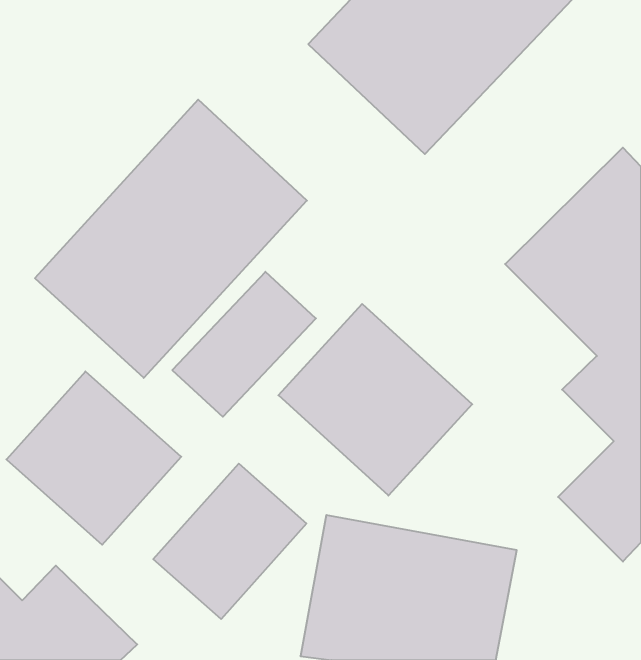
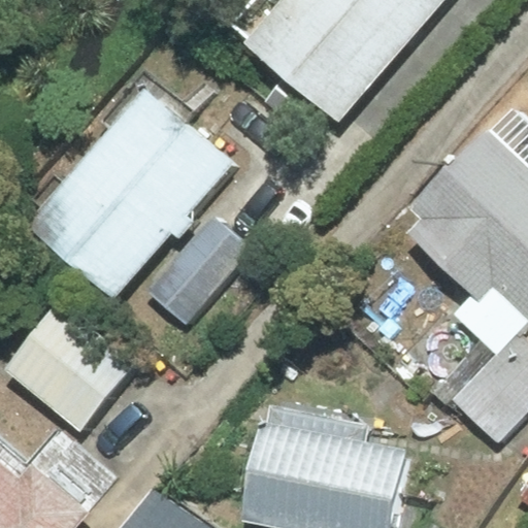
building: [278,304,472,496] -> none
building: [153,464,306,619] -> none

